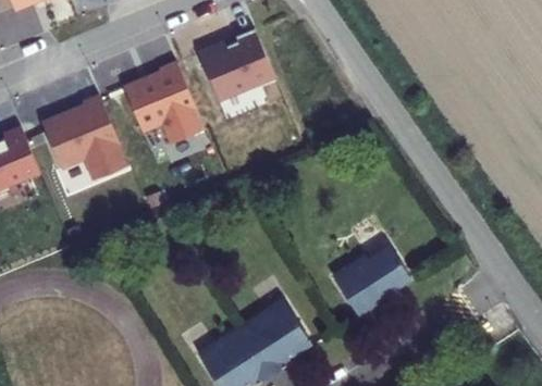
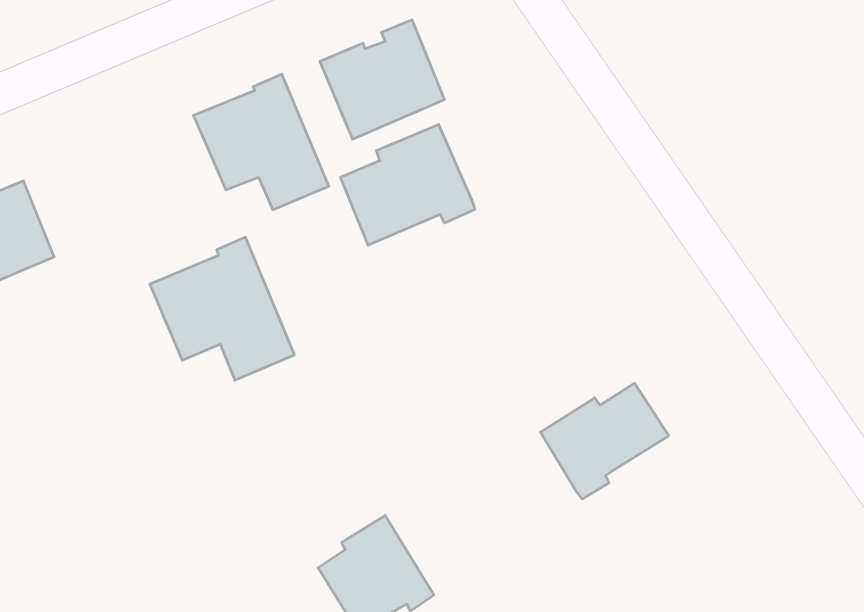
building: none -> [341,124,475,245]
building: [41,95,128,180] -> [150,237,294,380]
building: [238,306,308,375] -> none

